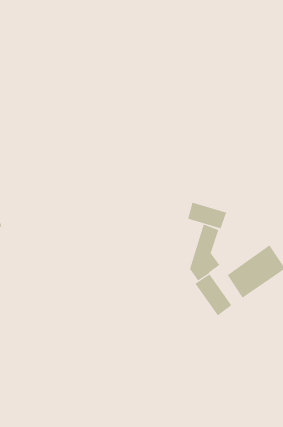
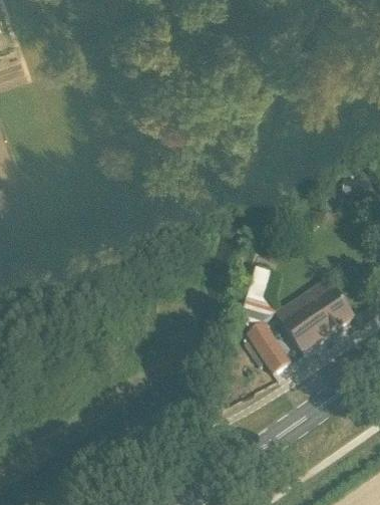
building: [188,202,227,229] -> none

